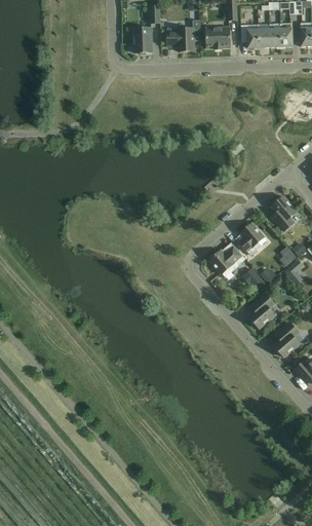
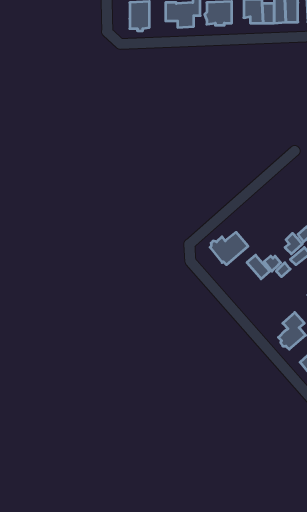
building: [271,195,296,231] -> none
building: [238,223,264,255] -> none
building: [248,293,274,328] -> none

